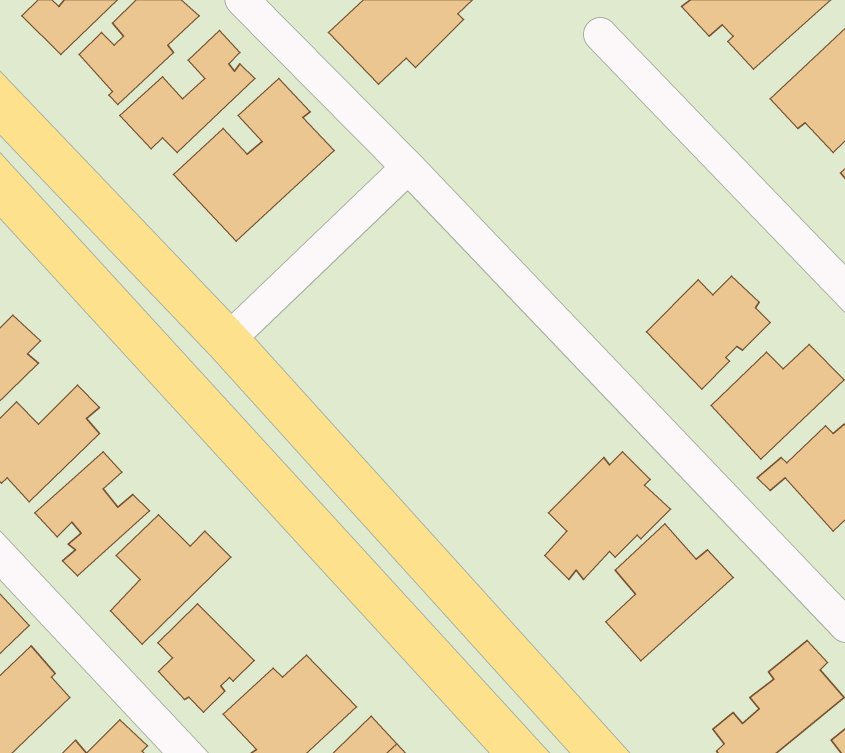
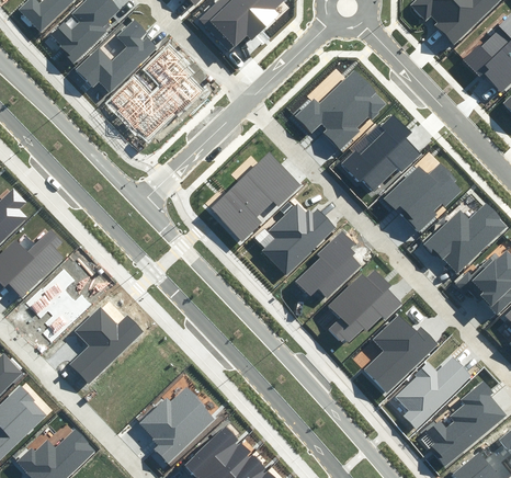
building: none -> [295,69,389,150]
building: none -> [341,114,421,193]
building: none -> [208,151,300,242]
building: none -> [263,203,337,275]
building: none -> [295,229,359,298]
building: none -> [394,356,470,430]
building: [158,604,254,712] -> none

